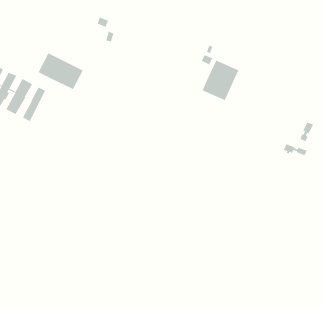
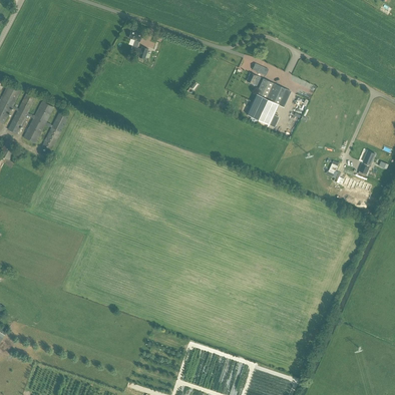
building: [38,52,83,90] -> none

